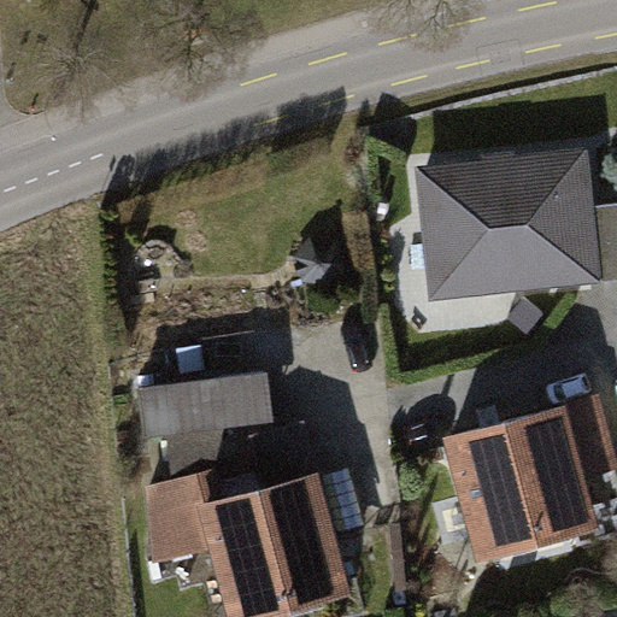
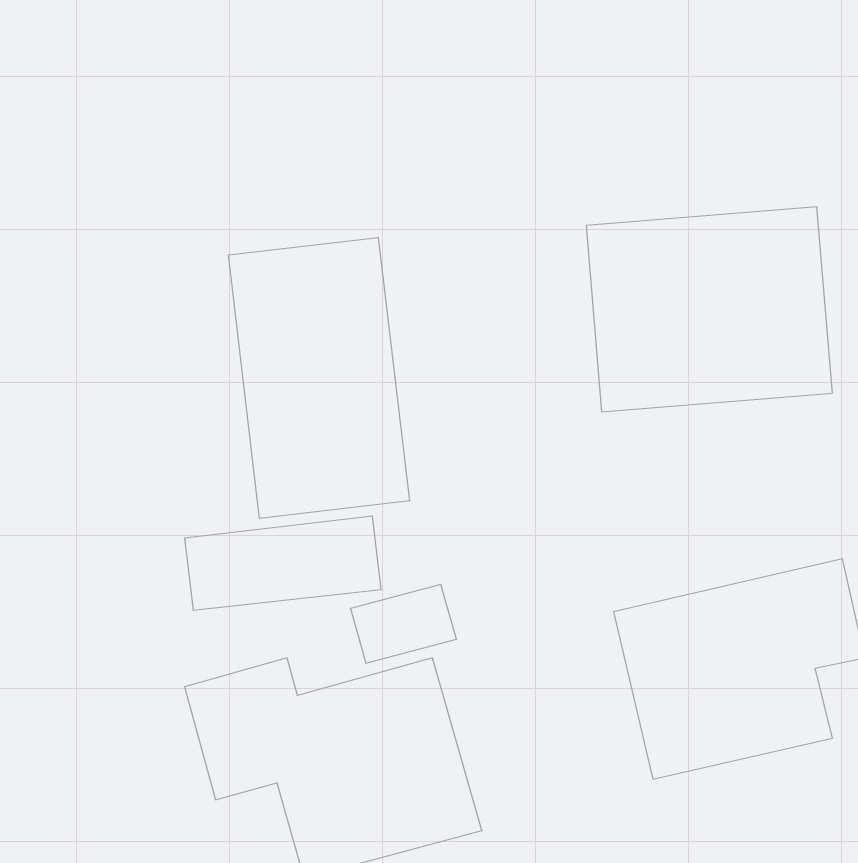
building: none -> [228,237,409,518]

